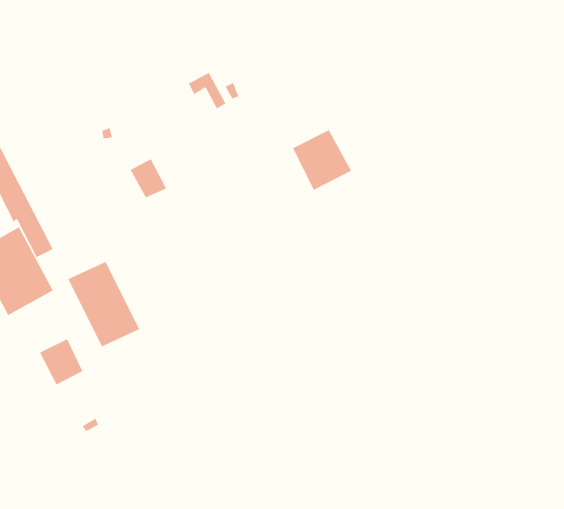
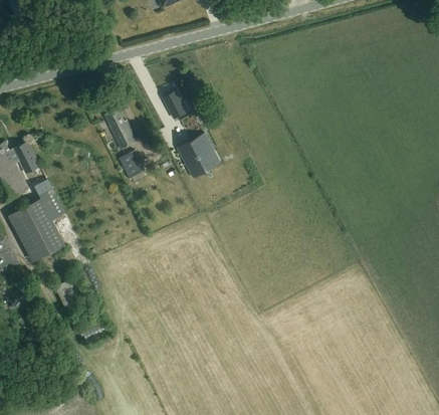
building: none -> [103,109,136,149]
building: [292,130,352,190] -> [177,134,219,177]
building: [67,261,140,347] -> none

